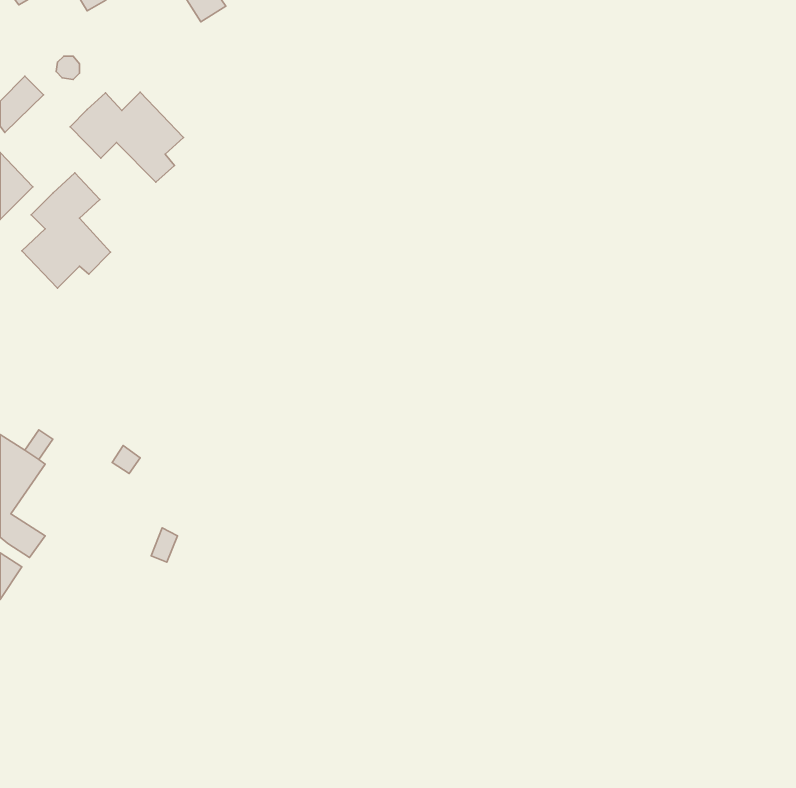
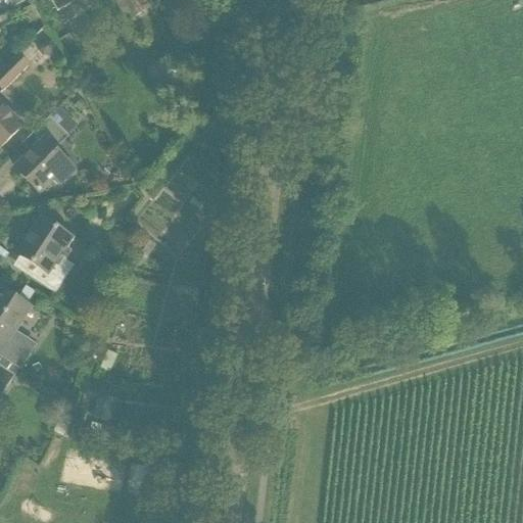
building: [70,92,184,182] -> none
building: none -> [17,216,73,291]

